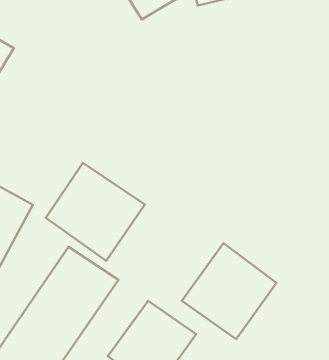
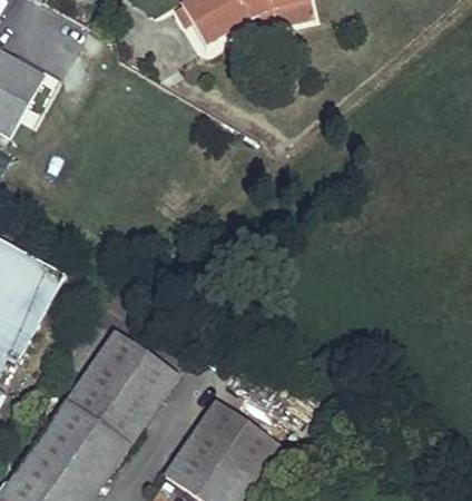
building: [46,163,145,261] -> none
building: [182,243,276,339] -> none

